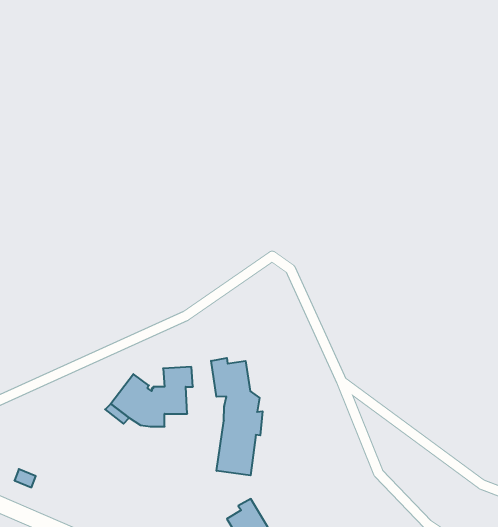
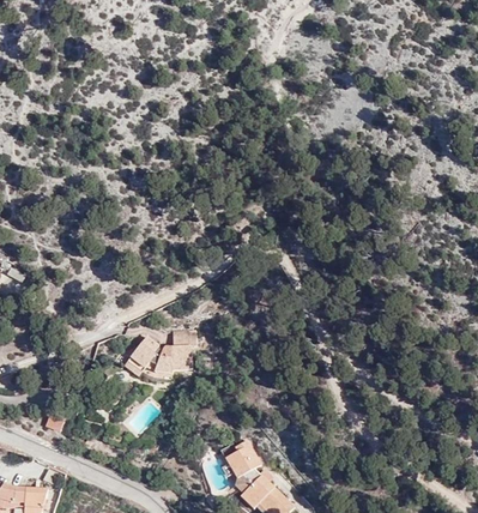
building: [211,358,263,475] -> none

